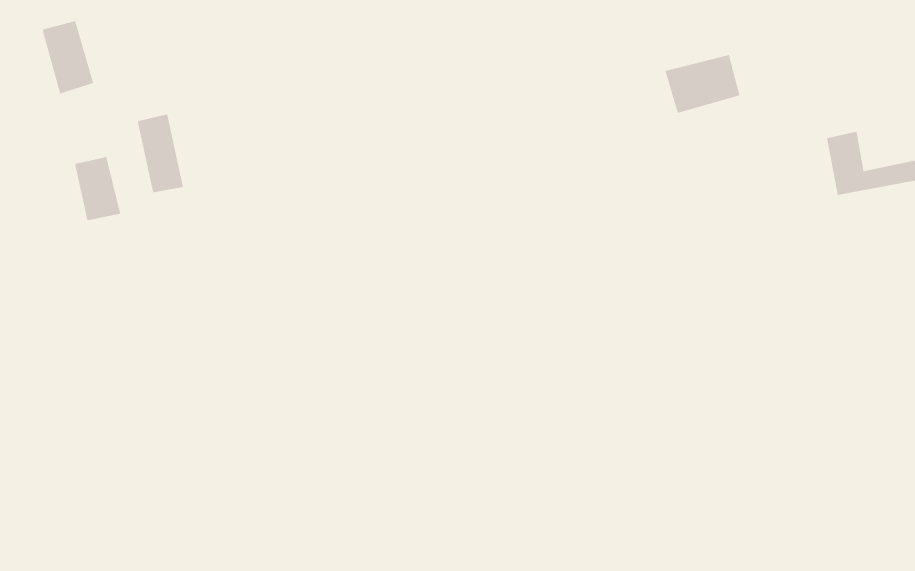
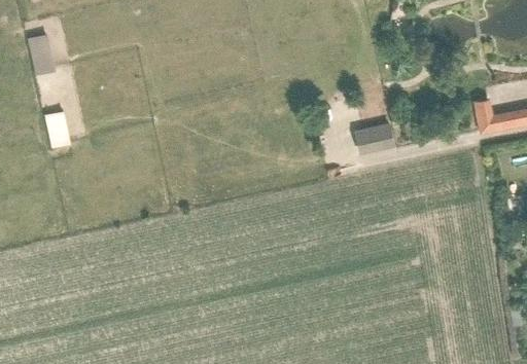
building: [664,54,741,114] -> [351,121,394,155]
building: [137,113,184,193] -> none

